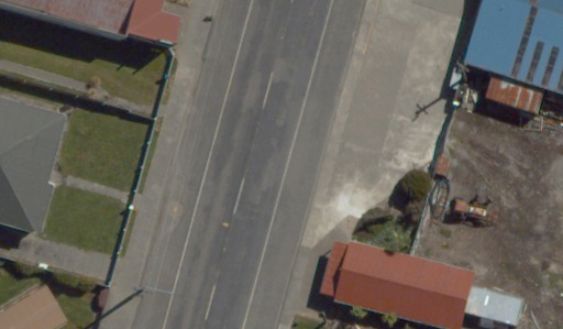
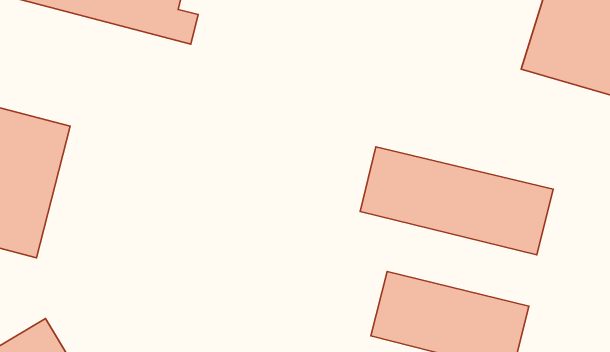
building: none -> [360,147,553,255]

